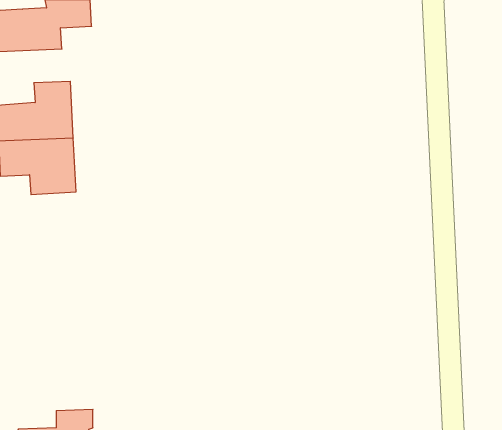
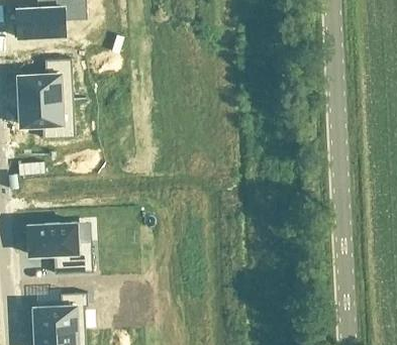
building: none -> [25,222,91,273]

